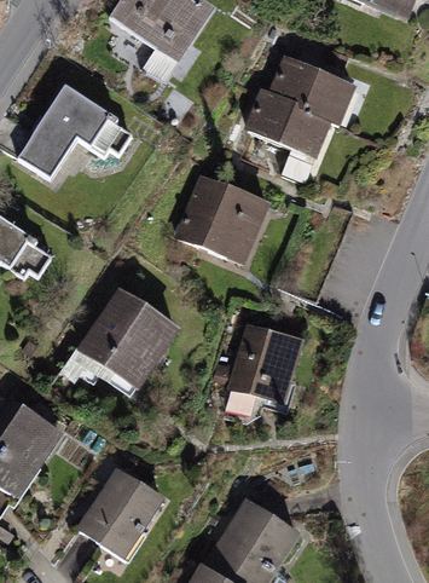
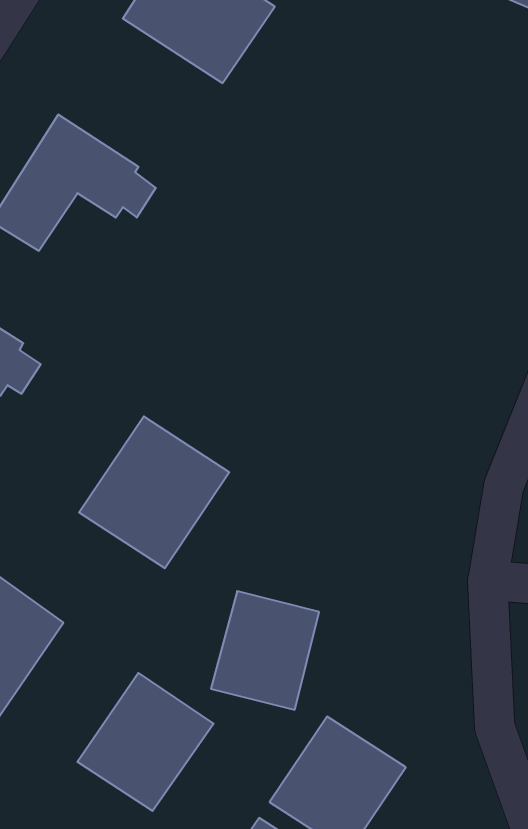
building: [249,58,355,162] -> none
building: [170,171,272,267] -> none
building: [230,323,305,405] -> [211,591,319,710]

